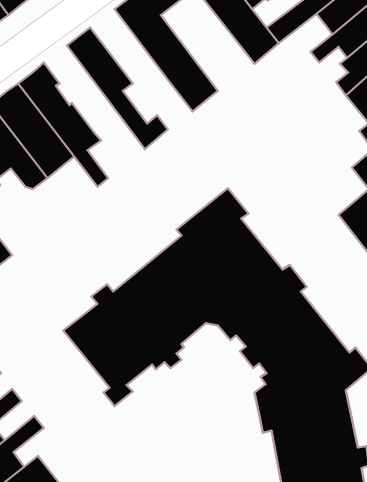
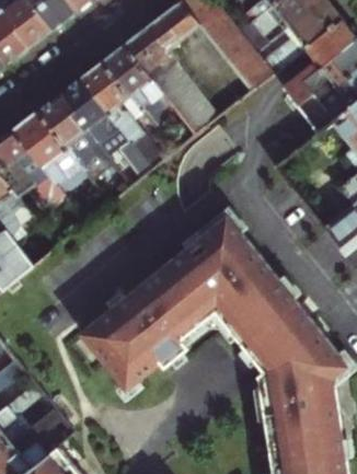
building: none -> [102,44,172,134]
building: none -> [60,77,151,178]

